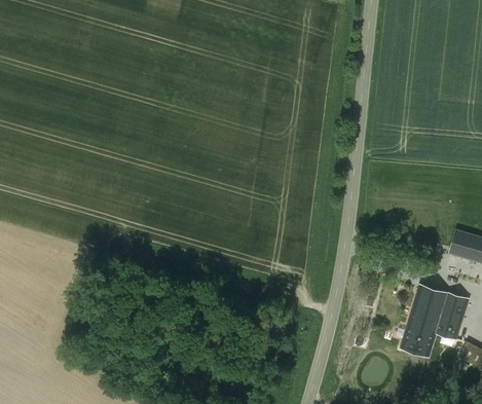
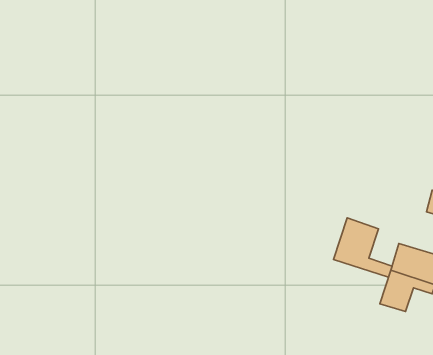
building: none -> [333,218,392,277]

